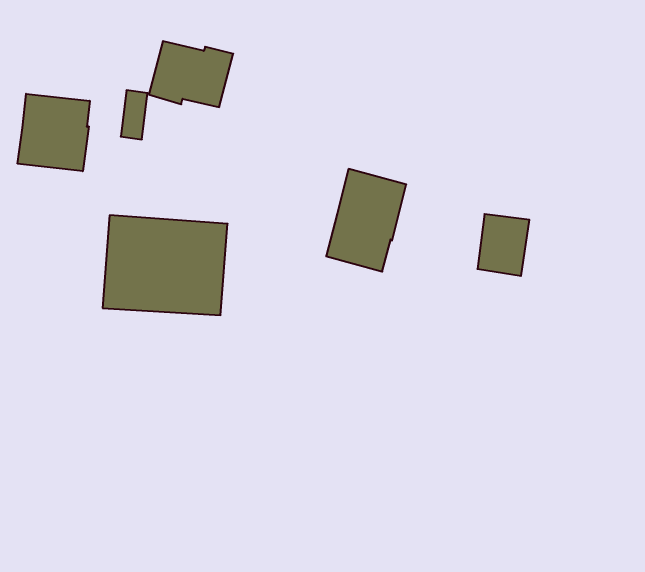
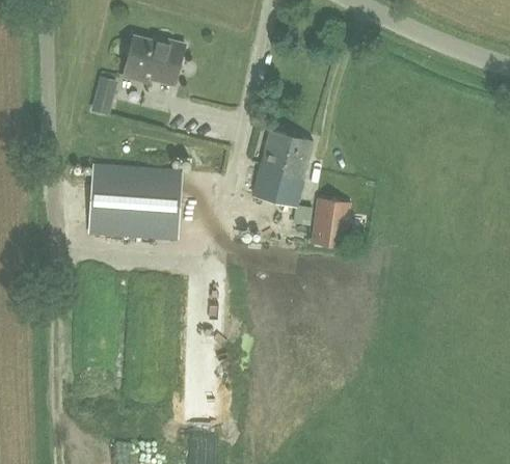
building: [18,94,90,171] -> none
building: [477,214,529,276] -> [312,200,350,246]

